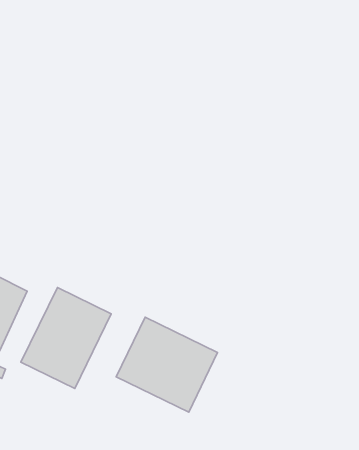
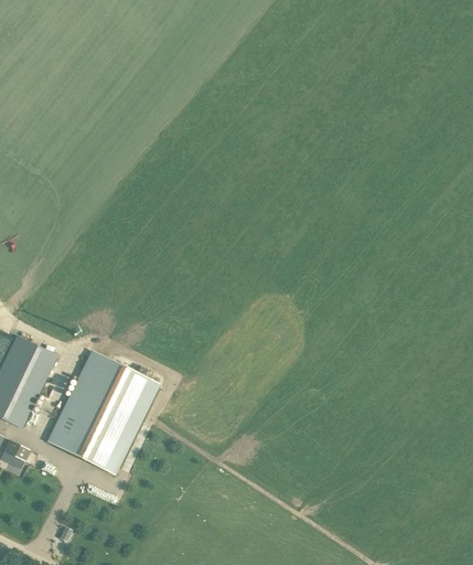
building: [116,317,218,412] -> none

